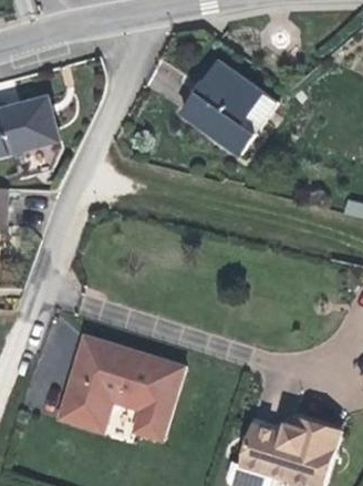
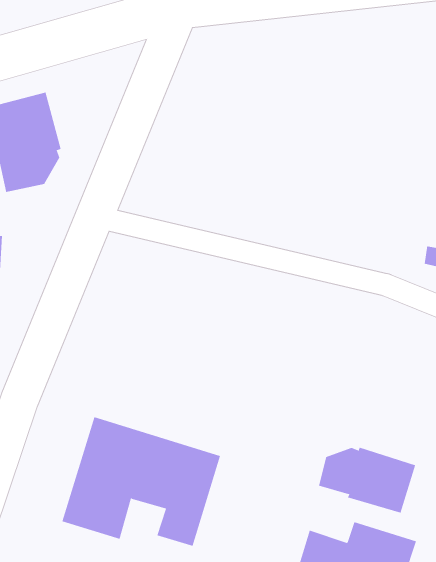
building: [186,59,272,143] -> none
building: none -> [318,447,416,513]

